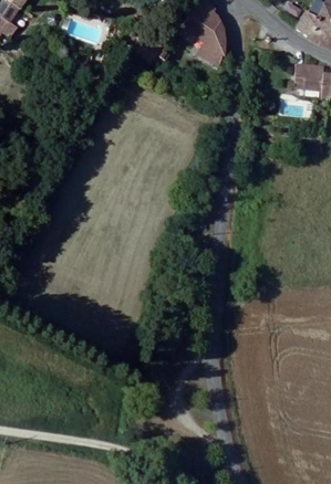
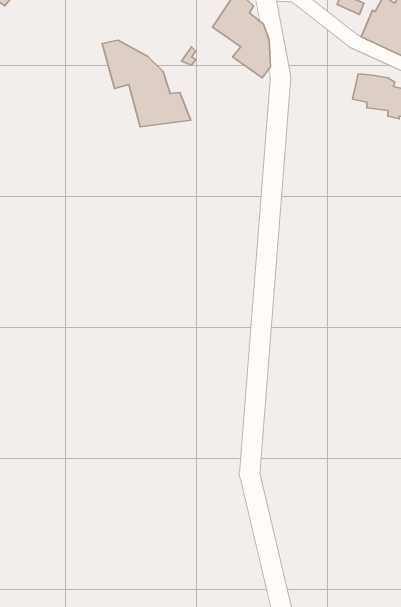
building: none -> [102,40,191,127]

